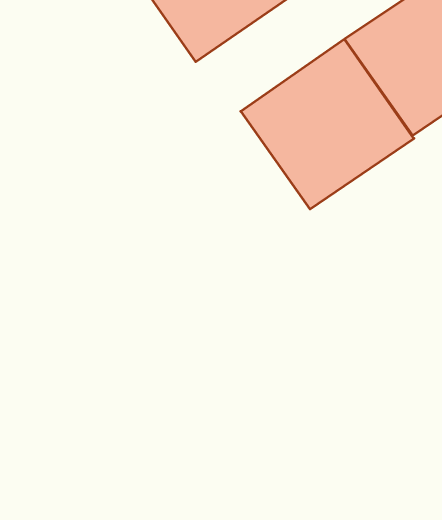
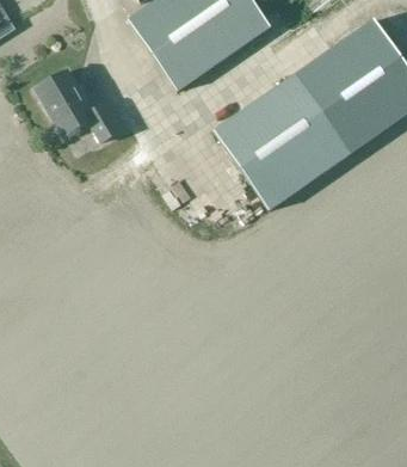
building: none -> [35,69,121,143]

